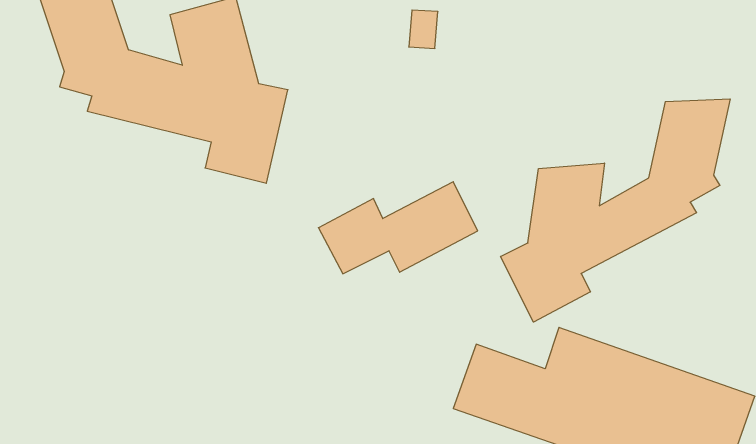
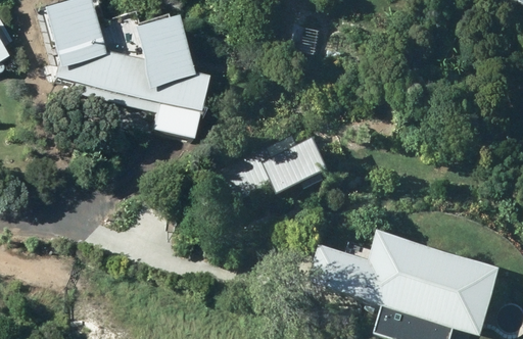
building: [501,99,730,322] -> none

